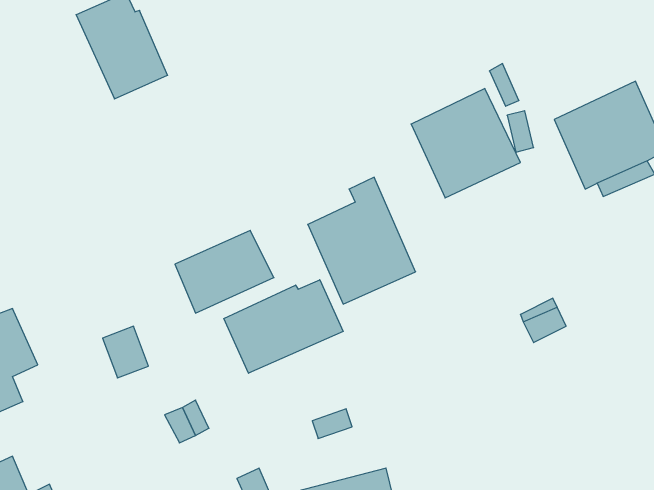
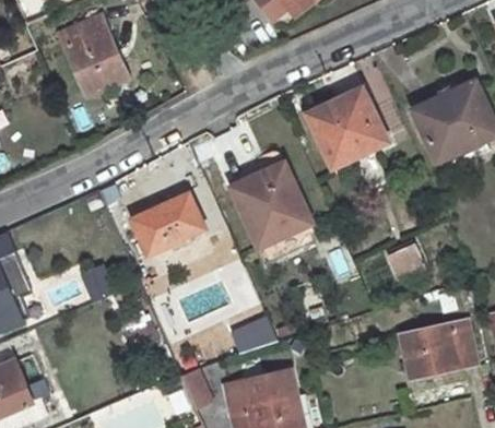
building: [224,280,343,373] -> none
building: none -> [400,320,475,379]

